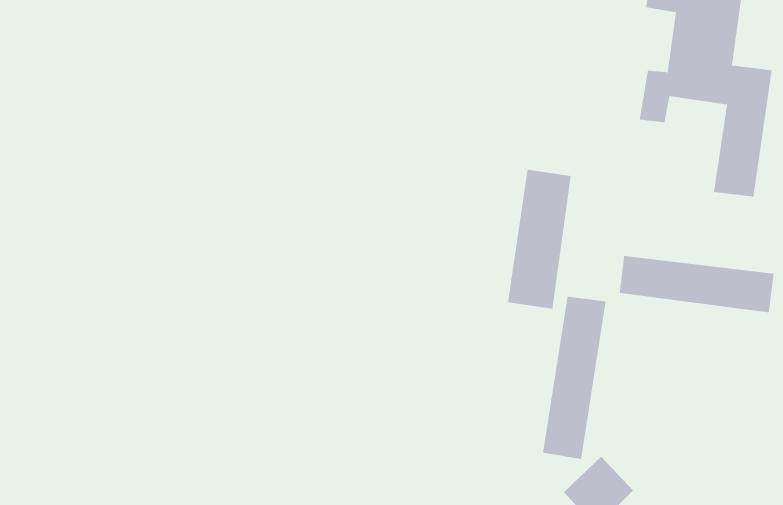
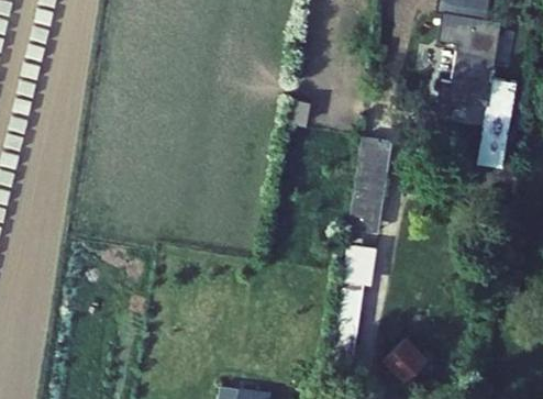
building: [619,255,774,313] -> none
building: [542,296,607,459] -> [331,243,374,352]

